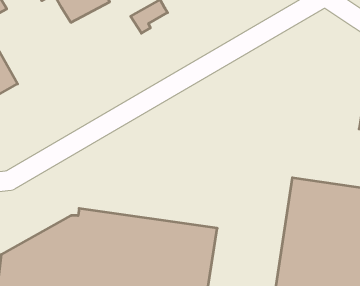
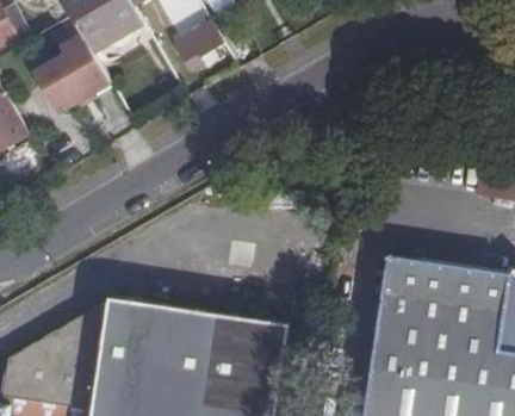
building: none -> [41,33,112,111]

